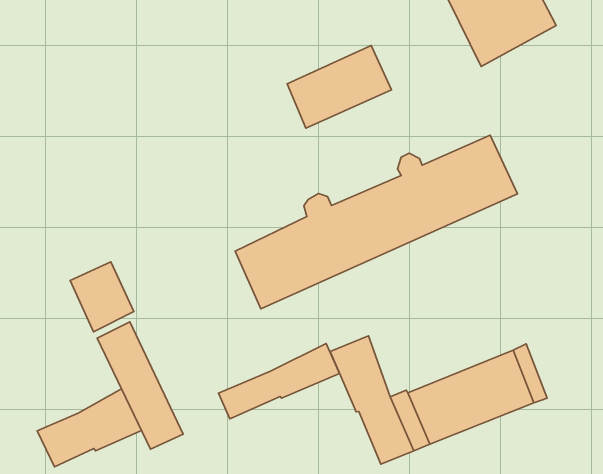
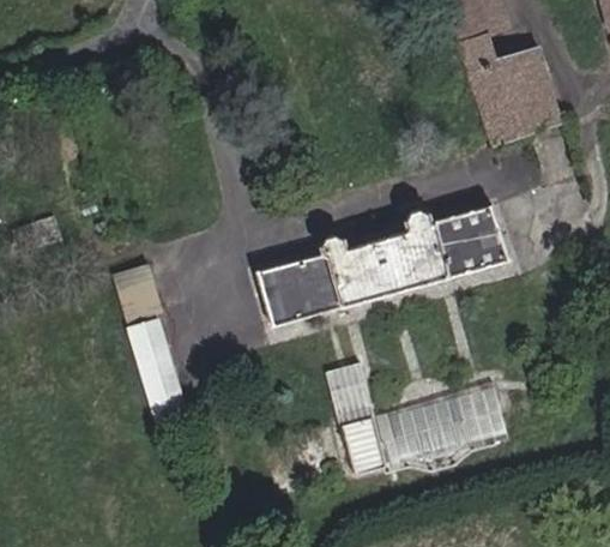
building: [287,45,391,128] -> none
building: [218,344,340,419] -> none
building: [37,389,141,467] -> none

